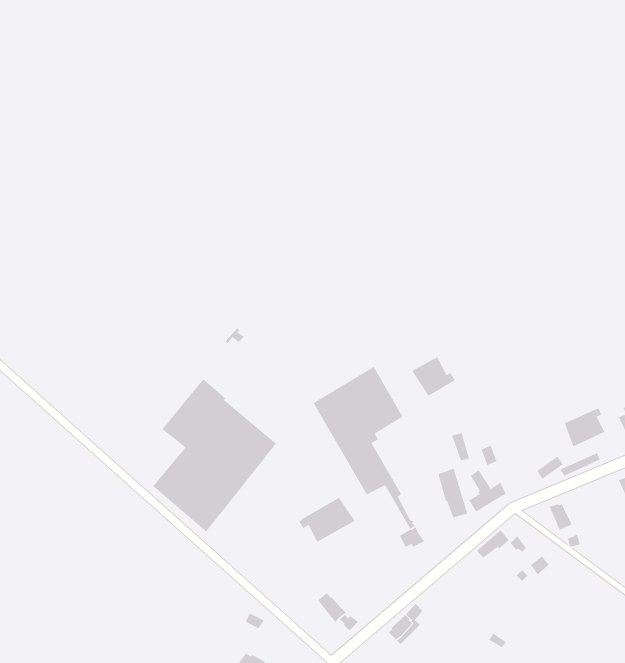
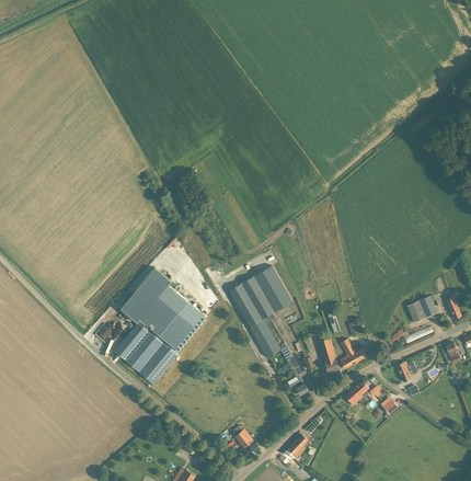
building: [411,356,456,397] -> none
building: [298,497,356,543] -> none

